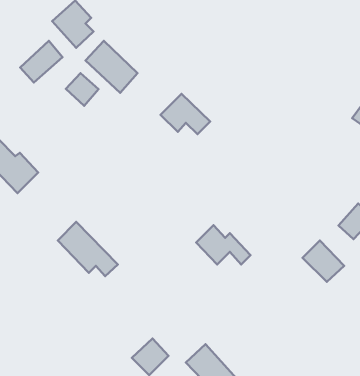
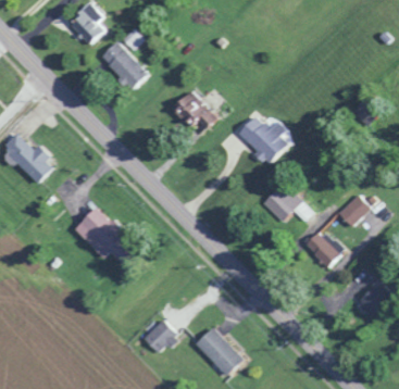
building: [20,41,63,83] -> none
building: [66,73,99,106] -> none
building: none -> [238,115,287,165]
building: [196,225,251,264] -> [263,185,314,222]

